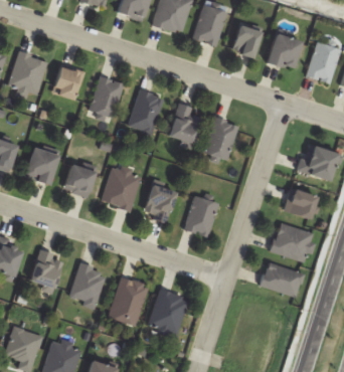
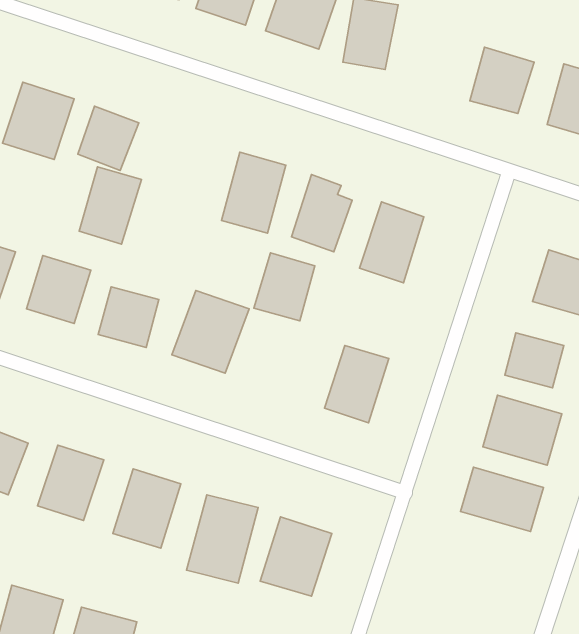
building: [230,24,261,56] -> none
building: [91,75,125,118] -> [79,167,142,244]
building: [142,184,175,221] -> [254,253,315,321]

